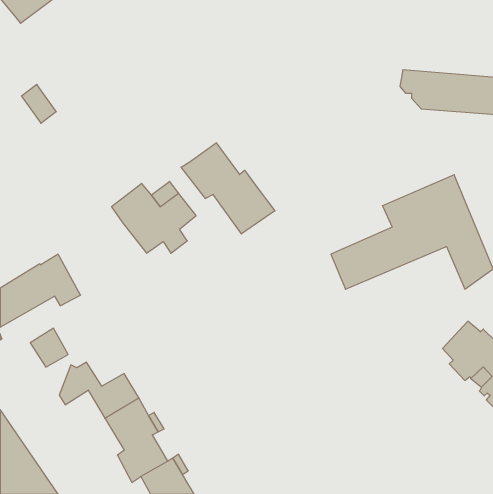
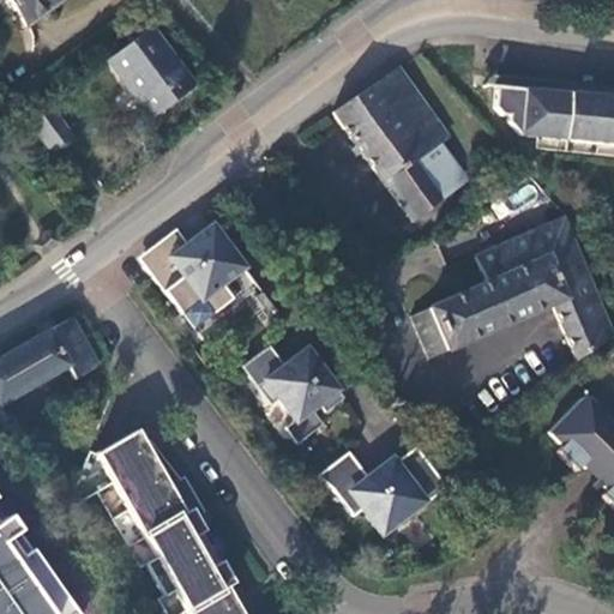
building: none -> [109,25,198,118]
building: none -> [336,66,466,219]
building: [181,143,275,234] -> none
building: none -> [246,348,349,444]
building: [30,328,68,367] -> [110,429,157,477]
building: none -> [319,445,449,532]

